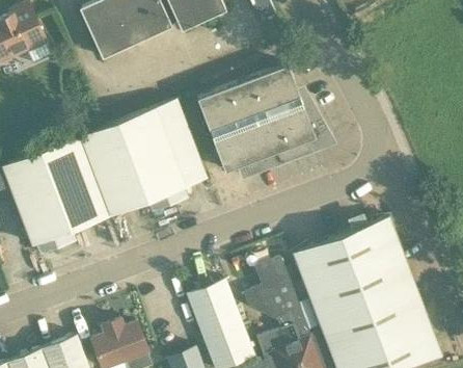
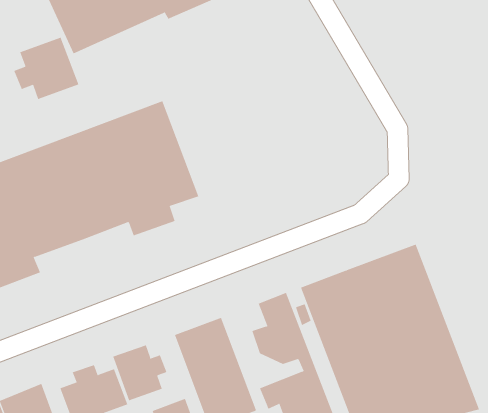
building: none -> [13,37,79,100]
building: [197,64,337,180] -> none
building: none -> [113,345,167,401]

